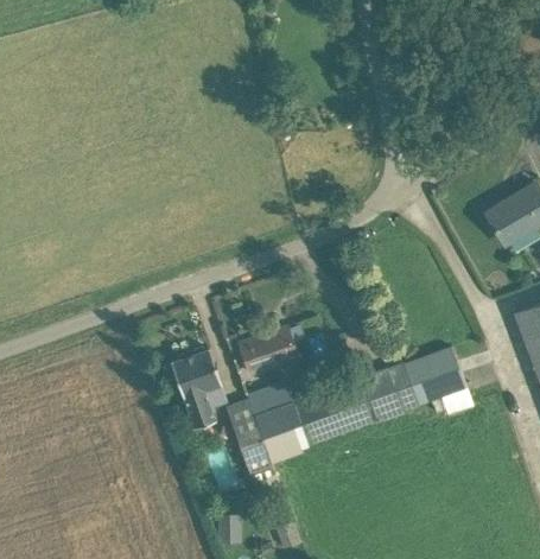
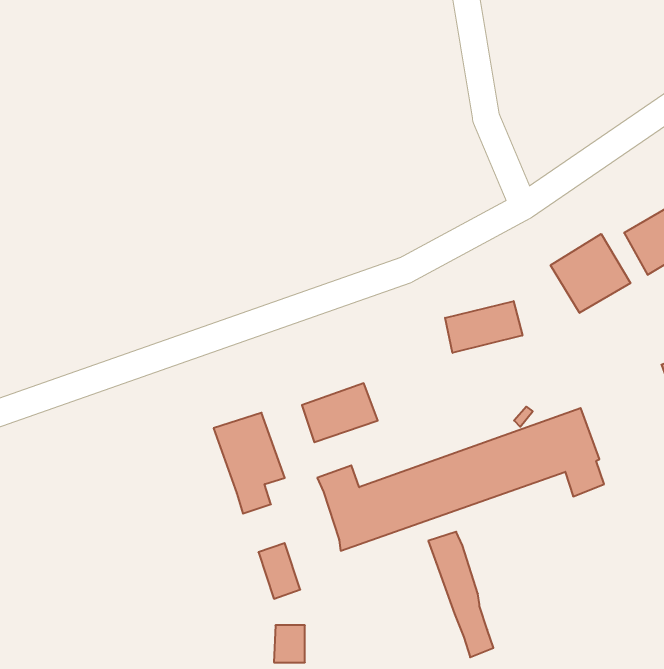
building: none -> [551,234,630,313]
building: none -> [445,301,522,353]
building: [230,400,280,496] -> [428,532,493,657]

